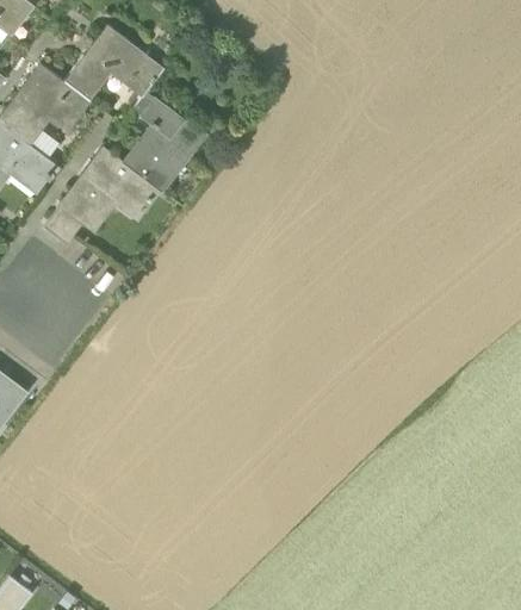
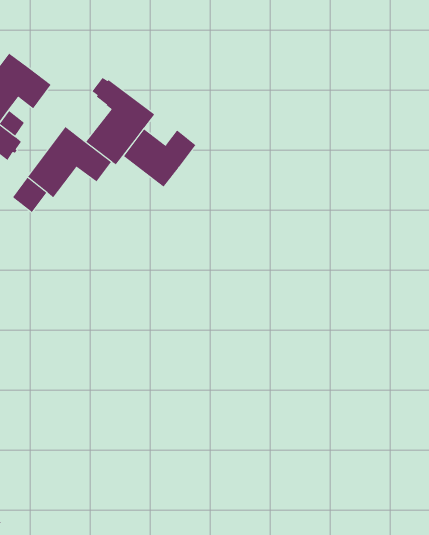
building: [62,26,163,102] -> none
building: none -> [123,129,196,187]

